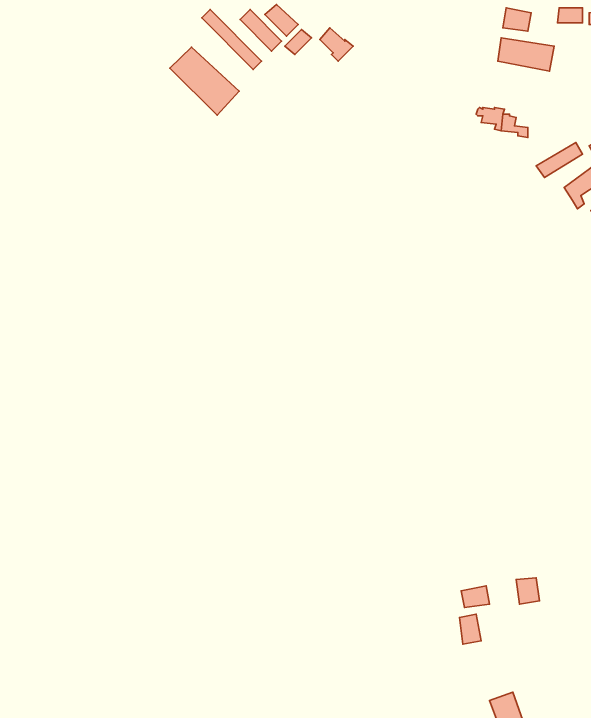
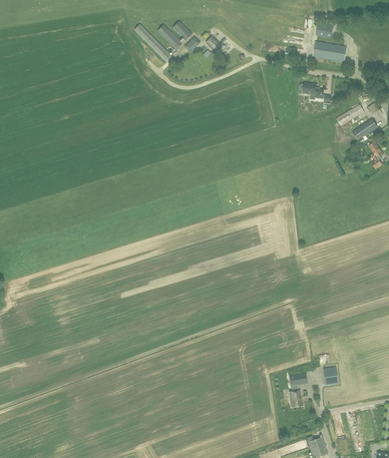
building: [170,47,239,115] -> none

